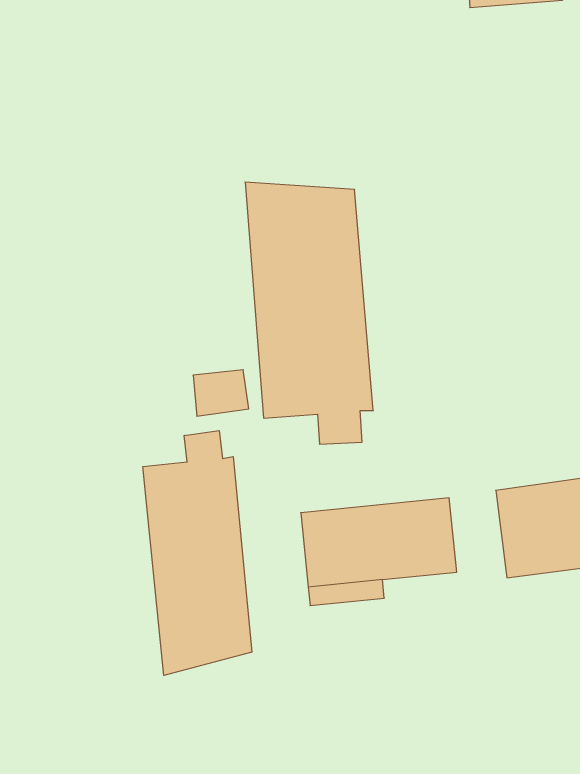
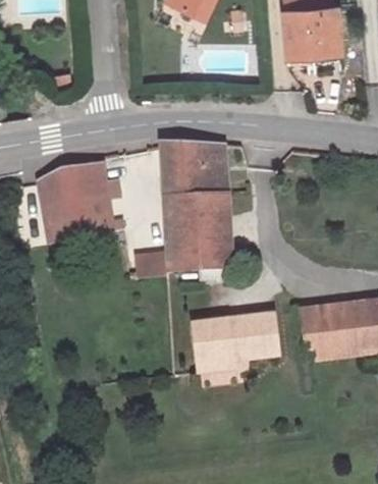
building: none -> [39,159,116,237]
building: [143,431,252,675] -> none

